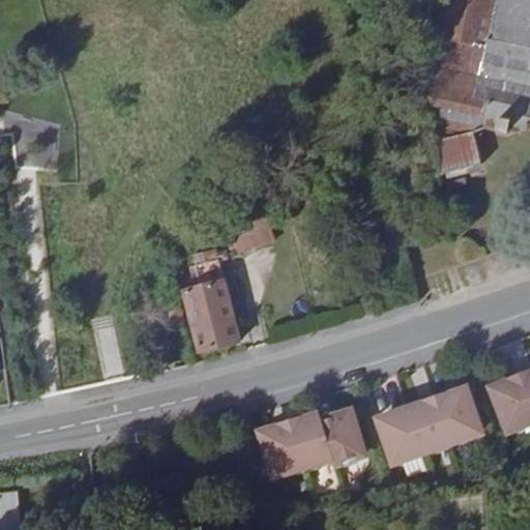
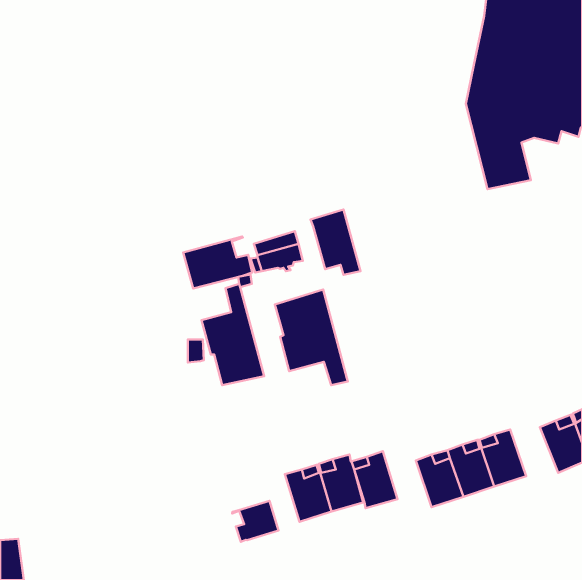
building: none -> [311,209,361,275]
building: none -> [183,237,252,289]
building: none -> [275,289,348,385]
building: none -> [232,501,279,542]

